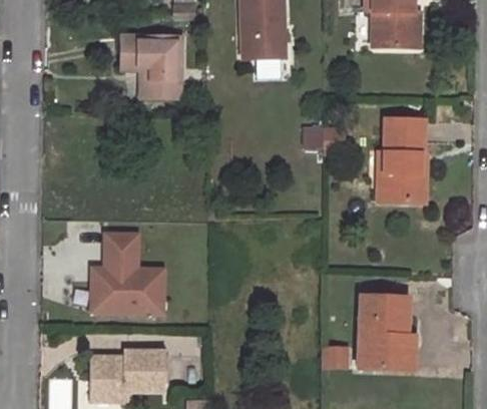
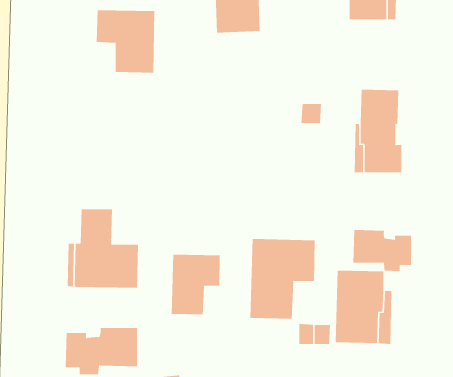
building: none -> [353,229,411,272]
building: none -> [250,238,315,319]
building: none -> [171,254,220,315]

